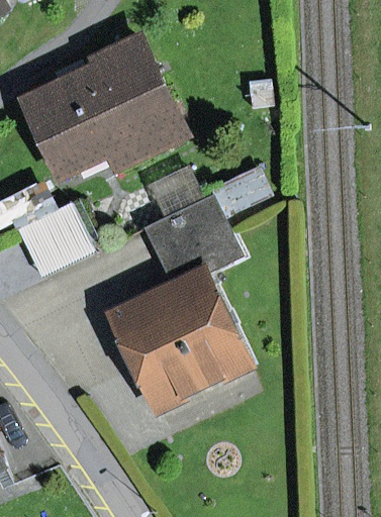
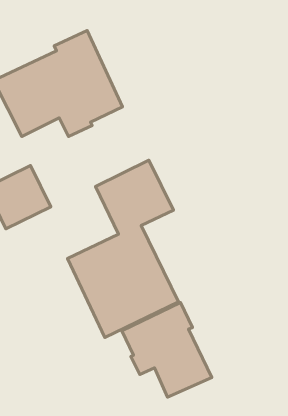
building: none -> [122,302,212,397]

